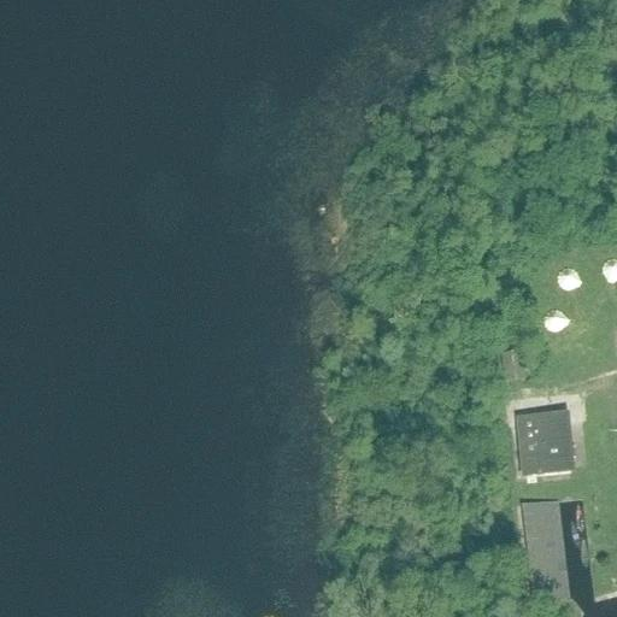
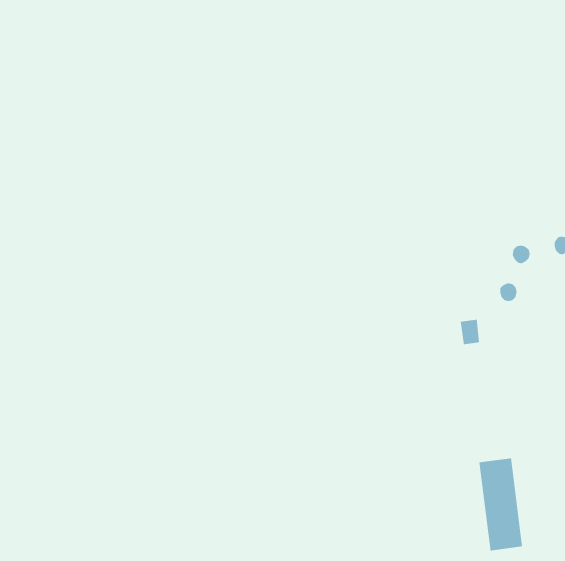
building: [522,411,571,475] -> none

